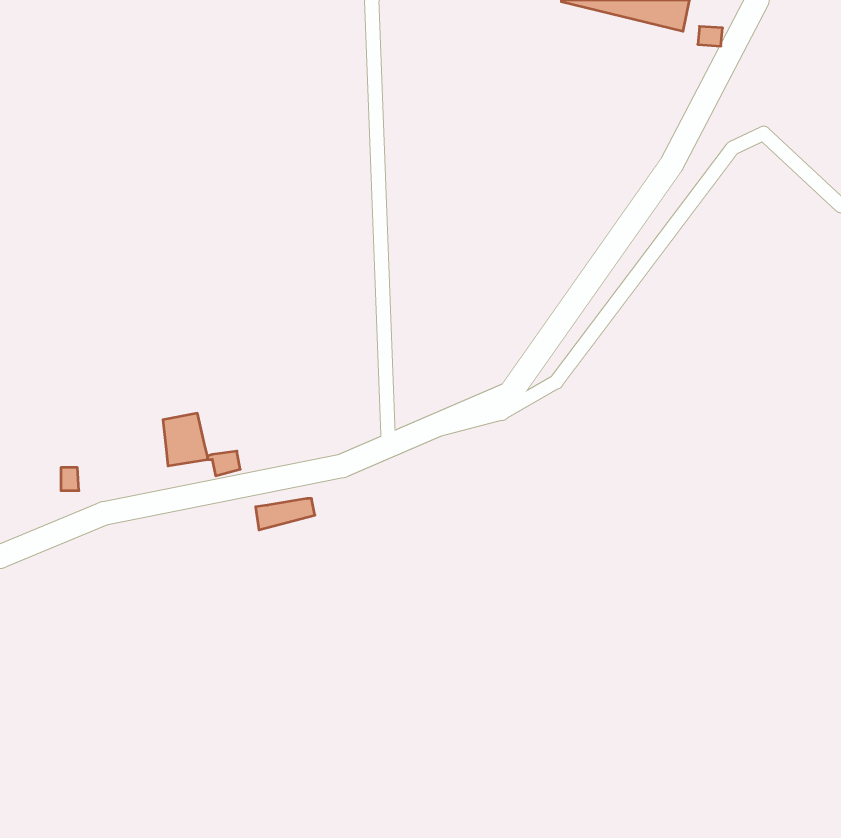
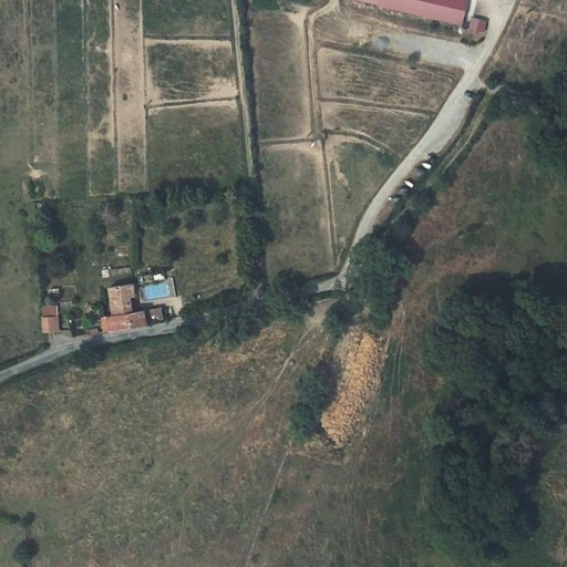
building: [256,499,315,530] -> [105,311,145,332]

